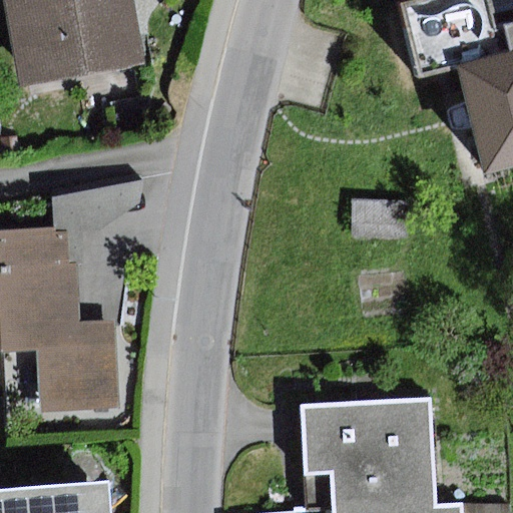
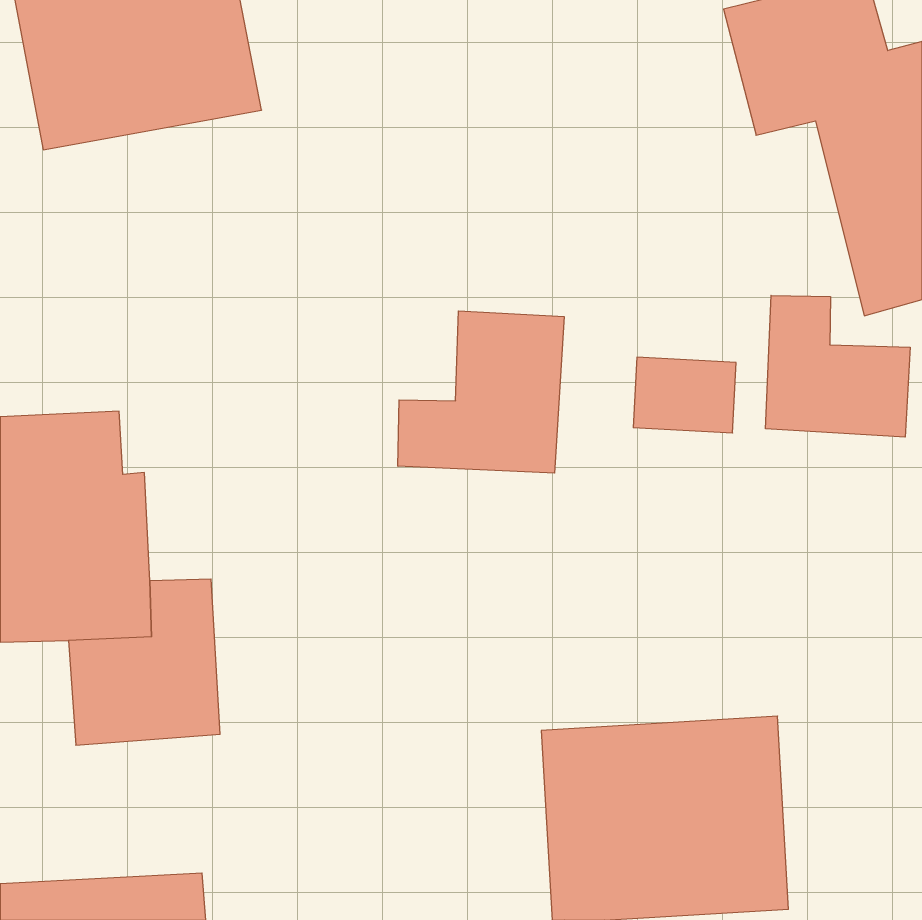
building: none -> [766,295,910,437]
building: none -> [398,311,564,473]

